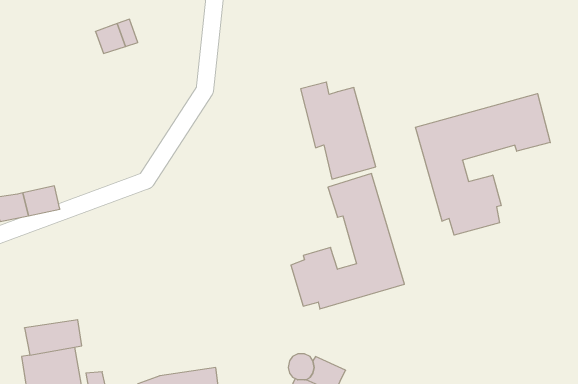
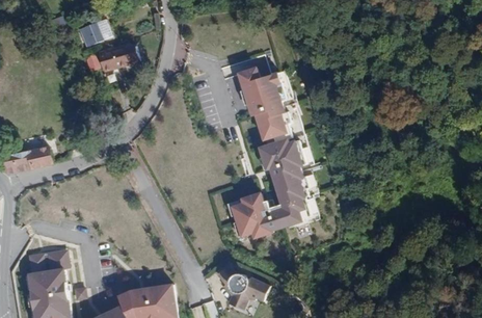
building: none -> [99,45,139,71]
building: [415,94,550,235] -> none

